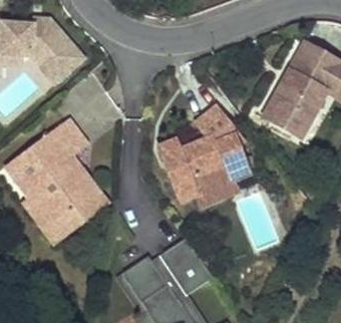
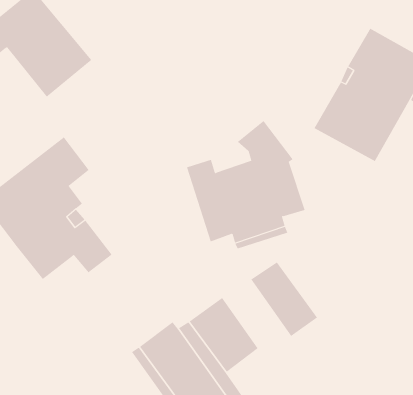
building: [25,200,85,243] -> none
building: none -> [251,261,318,337]

